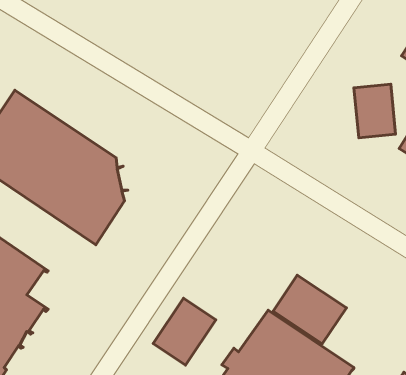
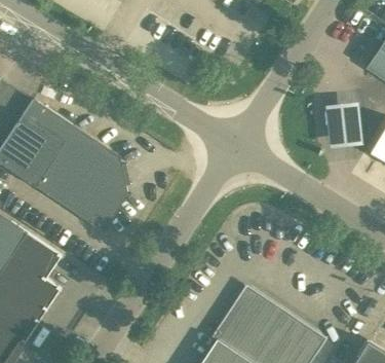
building: [273,275,346,344] -> none
building: [153,298,216,365] -> none

